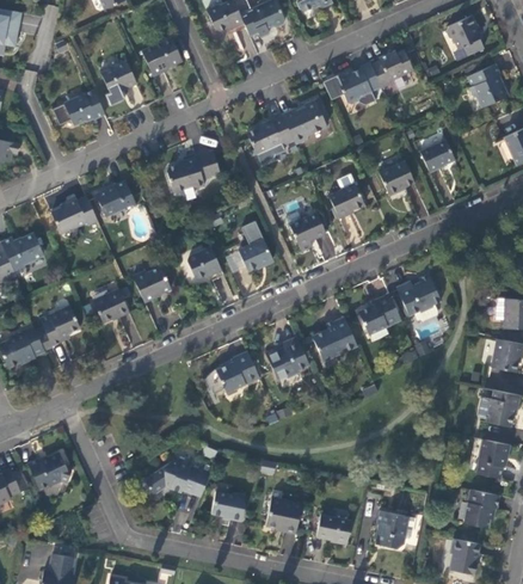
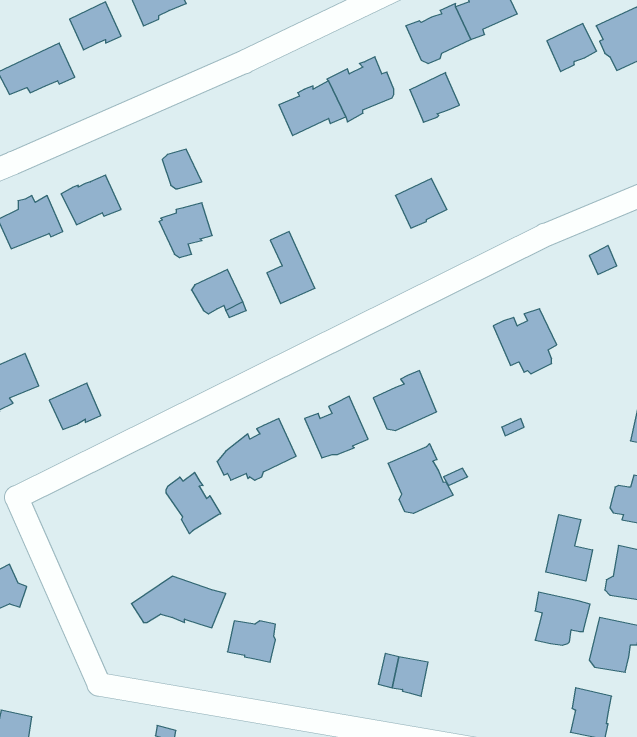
building: [420,140,455,173] -> [547,24,597,72]
building: [183,150,220,189] -> [159,203,212,258]
building: [380,161,414,196] -> [410,73,459,122]
building: [289,213,326,251] -> none
building: [133,268,171,302] -> none
building: [93,290,129,322] -> [49,383,101,429]
building: [358,294,401,336] -> none
building: none -> [388,444,453,513]
building: none -> [166,472,221,534]
building: none -> [546,515,593,581]
building: [265,498,301,534] -> none
building: [377,511,416,548] -> [535,592,590,645]

